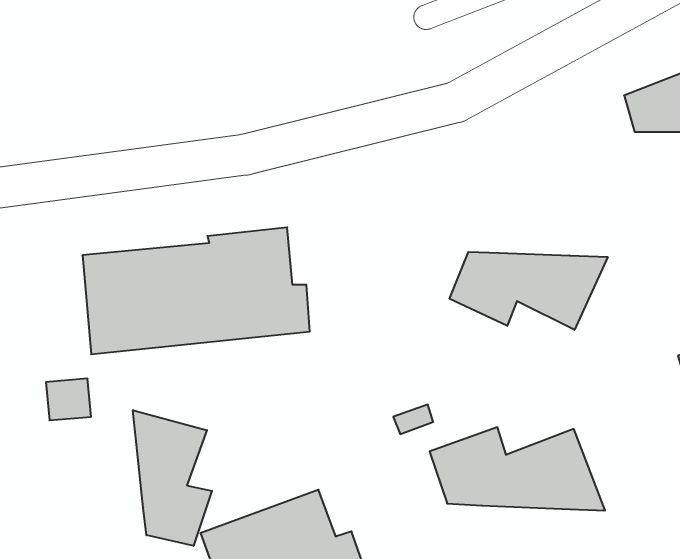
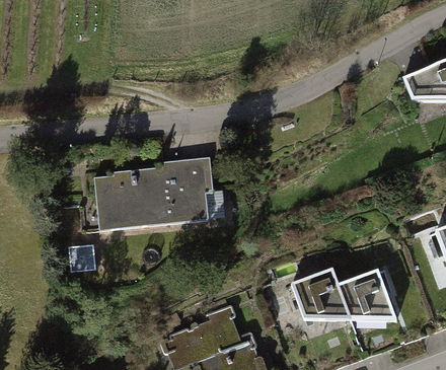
building: [449,252,608,330] -> none
building: [133,410,212,546] -> none

